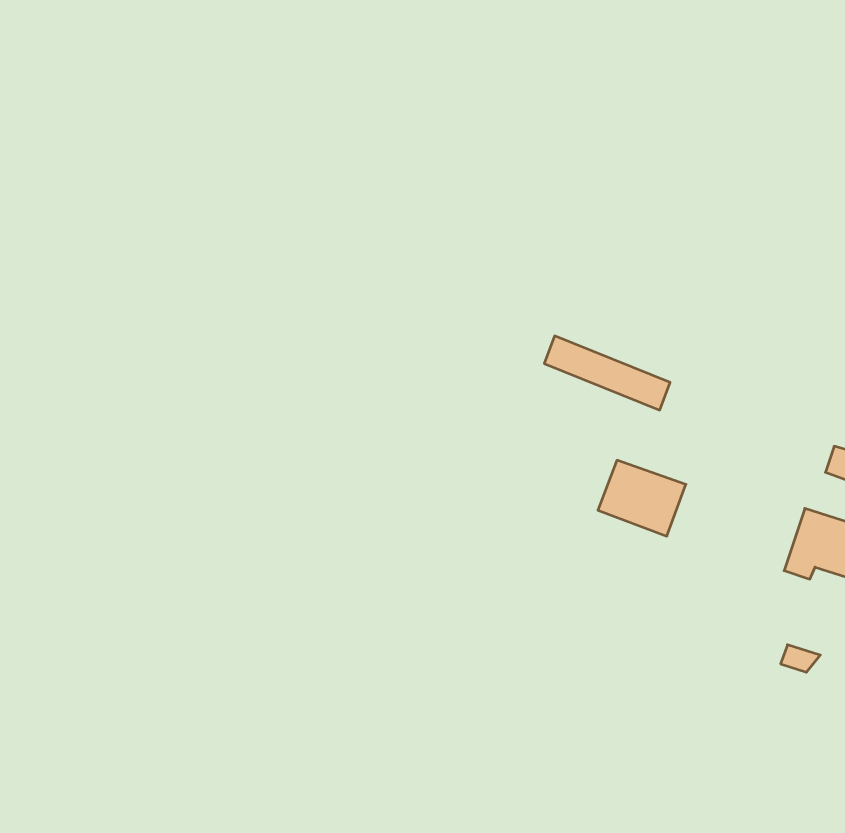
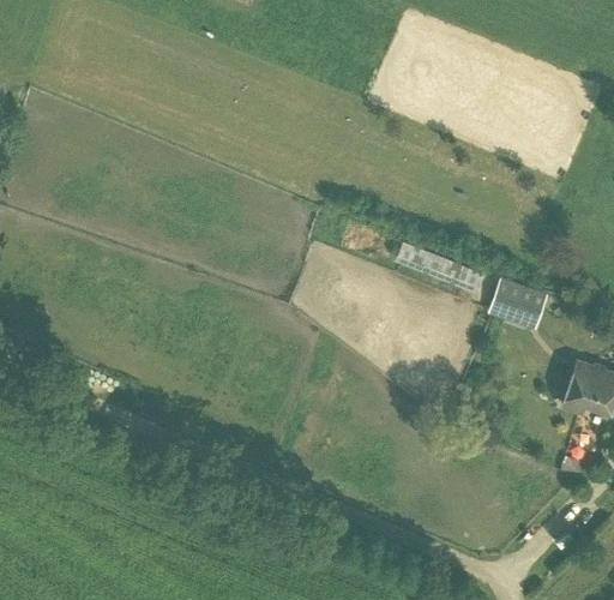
building: [598,460,686,536] -> [487,275,548,328]

